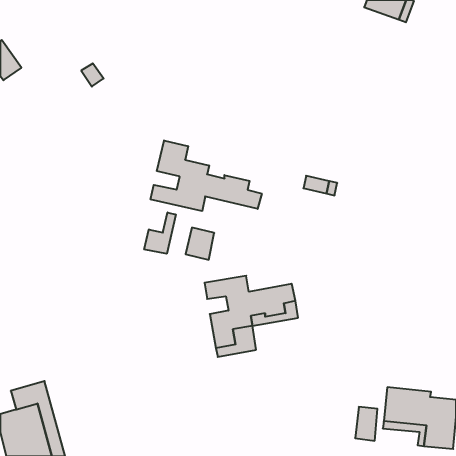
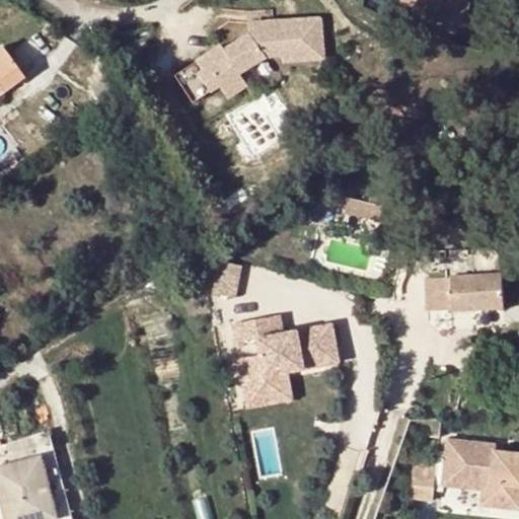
building: none -> [174,17,322,102]
building: [151,140,262,211] -> none
building: [144,212,176,254] -> none
building: none -> [425,274,503,312]

